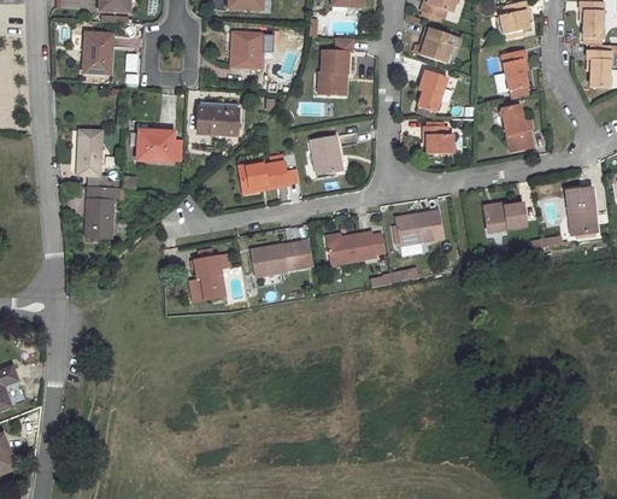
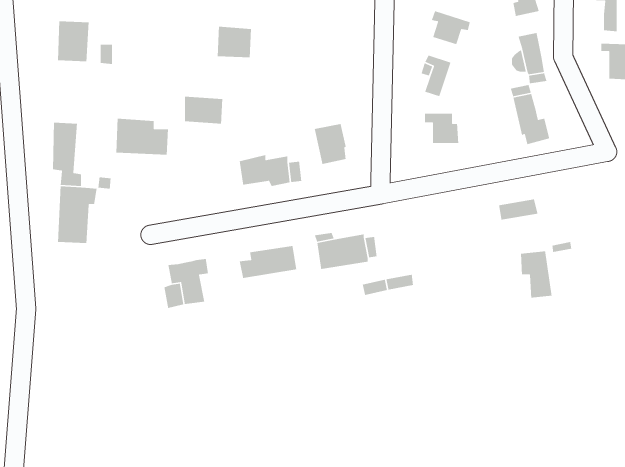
building: [328,35,362,92] -> none
building: [562,193,592,237] -> [520,251,552,299]
building: [389,217,439,250] -> none

